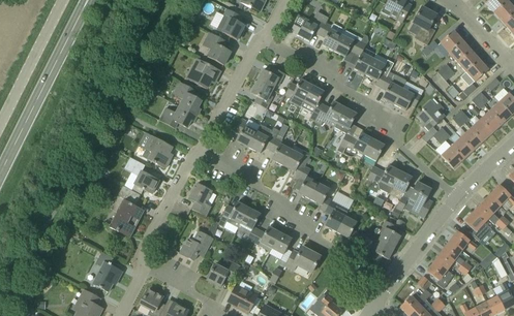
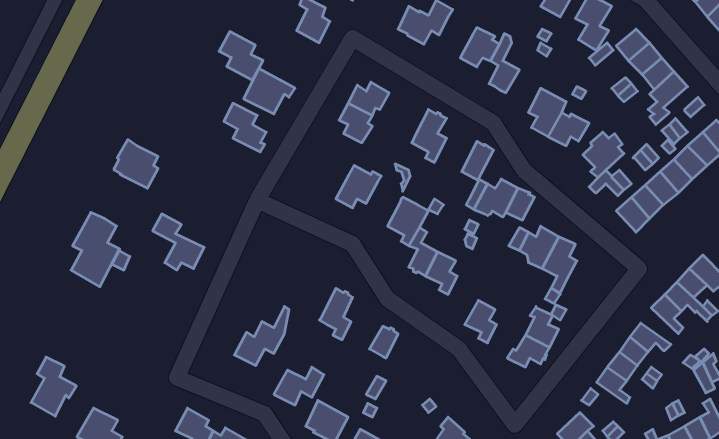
building: [320,22,345,50] -> none
building: [202,31,232,64] -> [219,32,263,80]
building: [365,58,394,87] -> none
building: [285,78,312,107] -> none
building: [316,100,345,127] -> none
building: [159,104,198,127] -> none
building: [232,114,258,146] -> none
building: [270,133,294,164] -> none
building: [143,134,173,167] -> [114,140,158,188]
building: [409,182,432,217] -> none
building: [189,183,216,215] -> none
building: [110,185,143,235] -> [71,212,120,287]
building: [326,198,350,231] -> none
building: [218,200,249,227] -> none
building: [253,225,281,250] -> none
building: [284,246,321,273] -> none
building: [92,251,123,291] -> [31,357,76,416]

